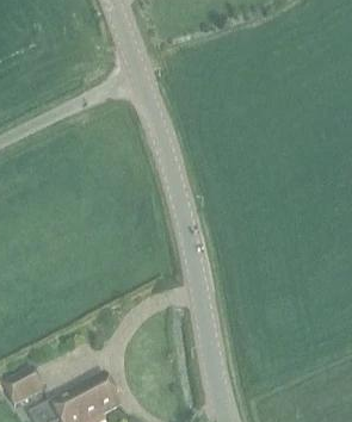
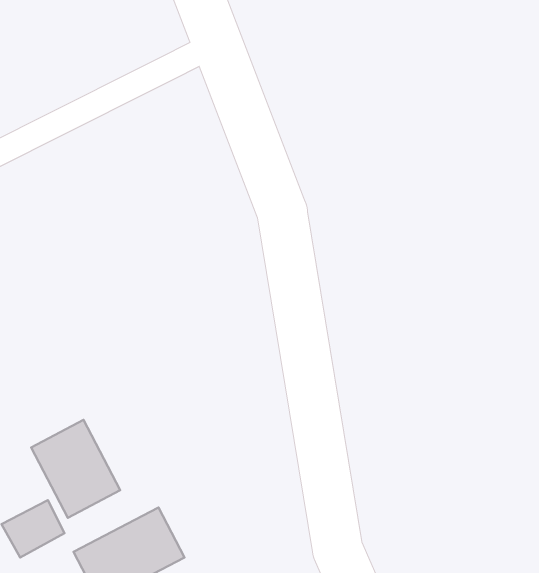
building: none -> [31,420,120,518]

